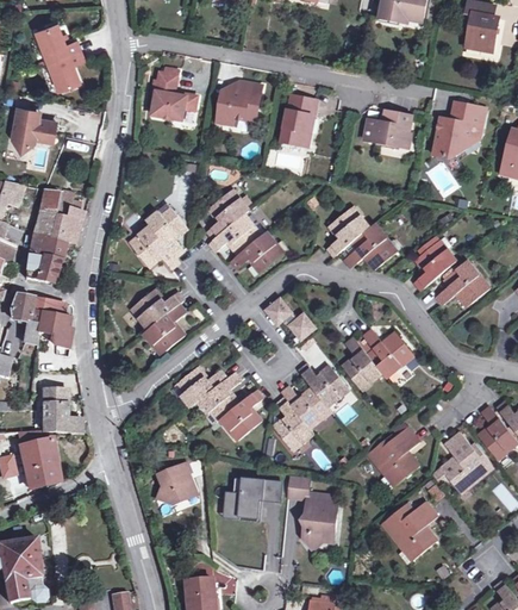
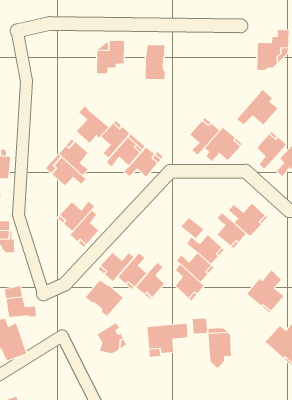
building: [152,67,198,119] -> none
building: [363,108,412,145] -> none
building: none -> [76,105,109,144]
building: none -> [236,89,279,125]
building: [266,298,316,338] -> none
building: none -> [85,280,124,317]

